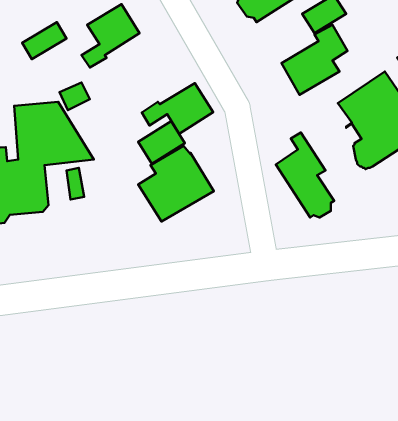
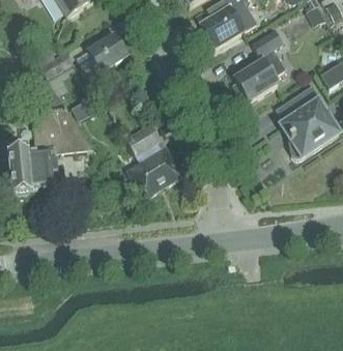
building: [142,83,213,134] -> none
building: [276,133,334,217] -> none

